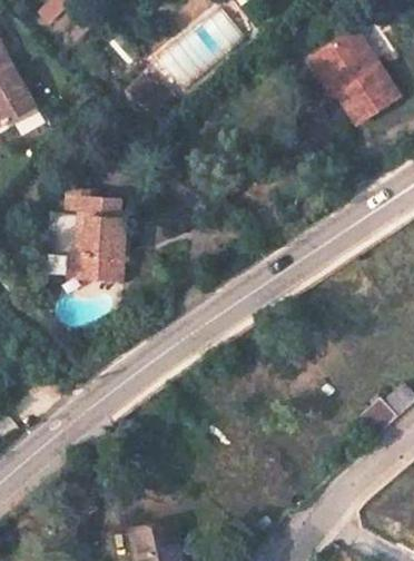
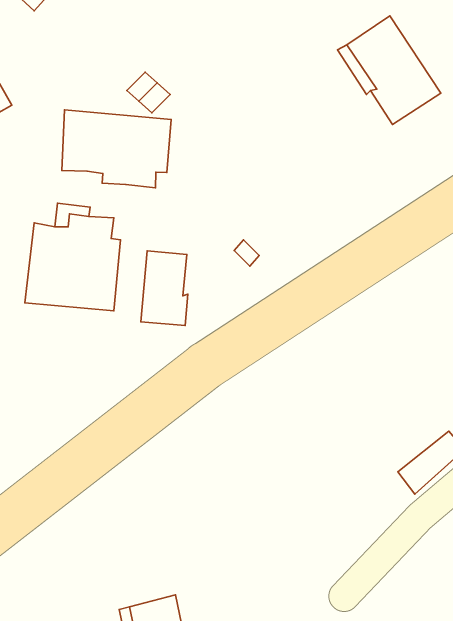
building: none -> [62,110,171,188]
building: none -> [141,251,188,325]

